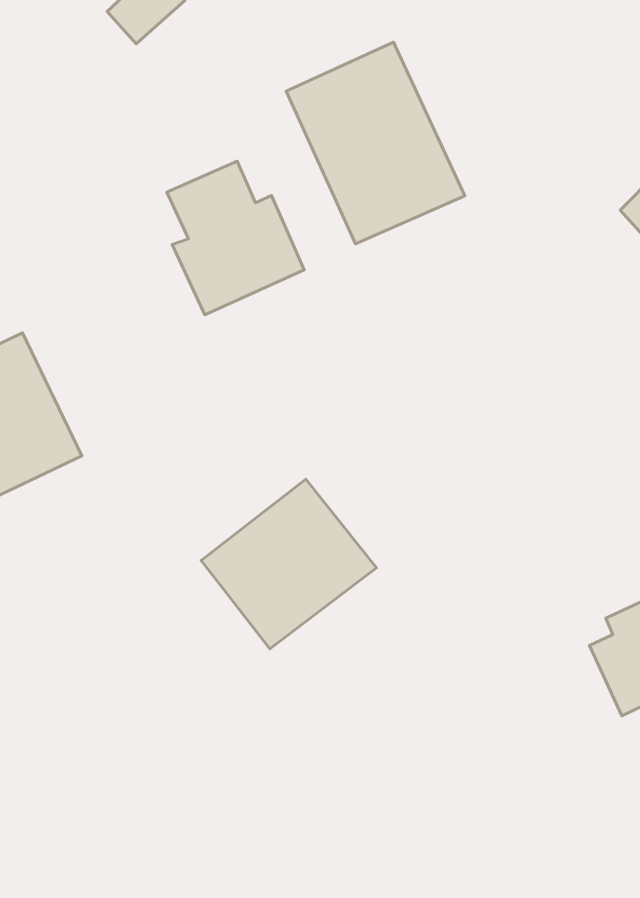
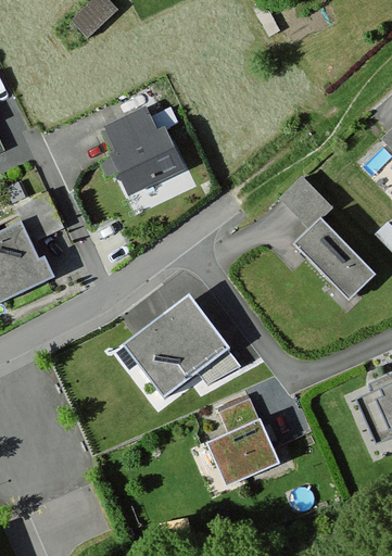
building: [286,42,465,244] -> none
building: none -> [280,176,380,304]
building: none -> [211,396,281,490]

